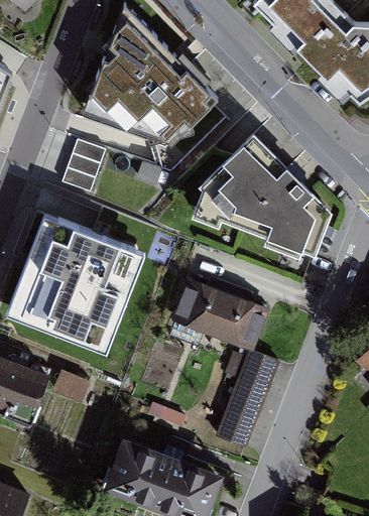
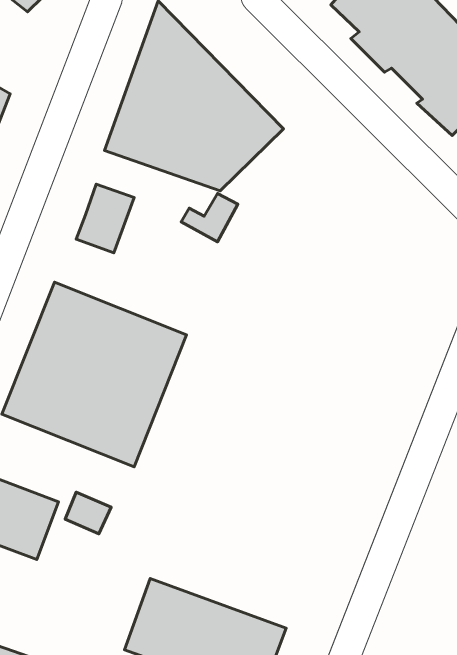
building: [190,130,329,251] -> none
building: [174,282,269,349] -> none
building: [217,351,275,443] -> none

